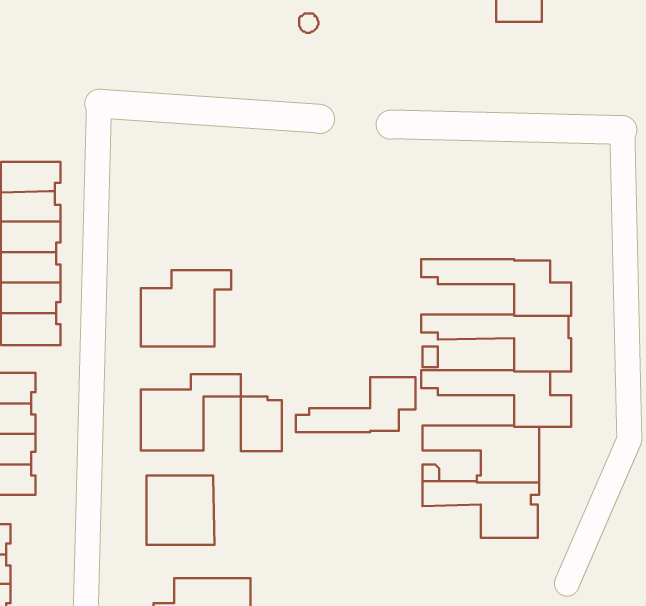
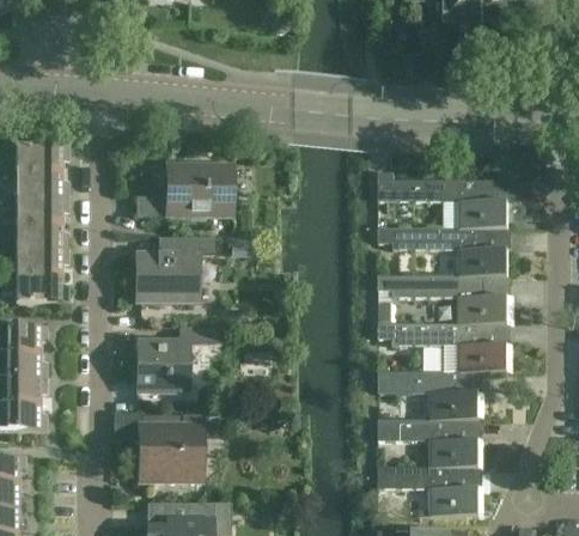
building: none -> [134,166,228,215]
building: none -> [377,172,506,229]
building: [296,377,416,432] -> none
building: [241,396,282,451] -> none
building: none -> [378,467,477,516]

